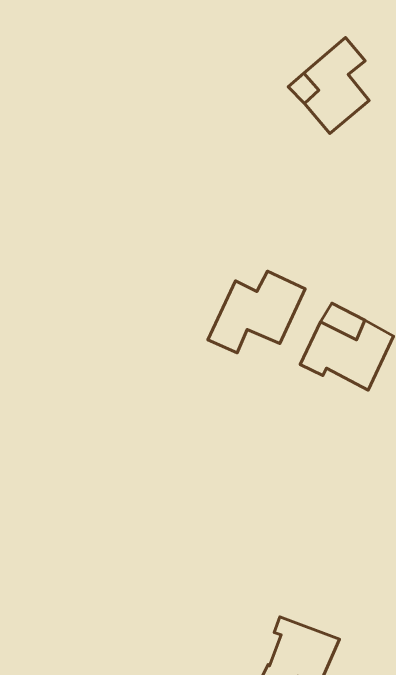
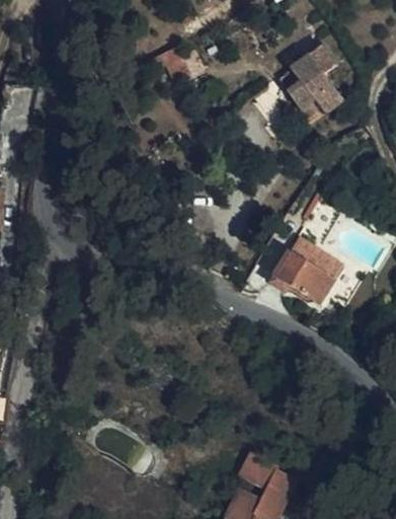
building: [208,271,305,353] -> none

